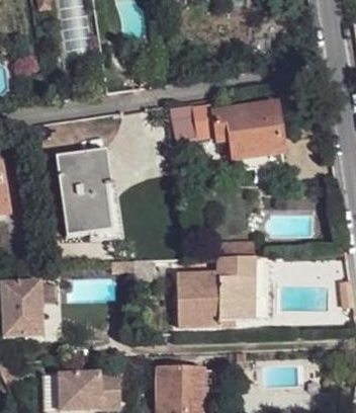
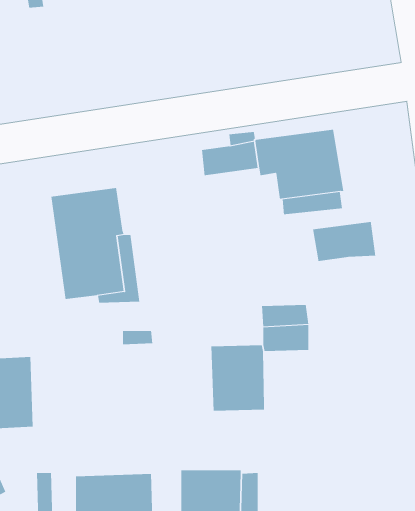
building: none -> [313,221,376,262]
building: [220,274,258,318] -> none

